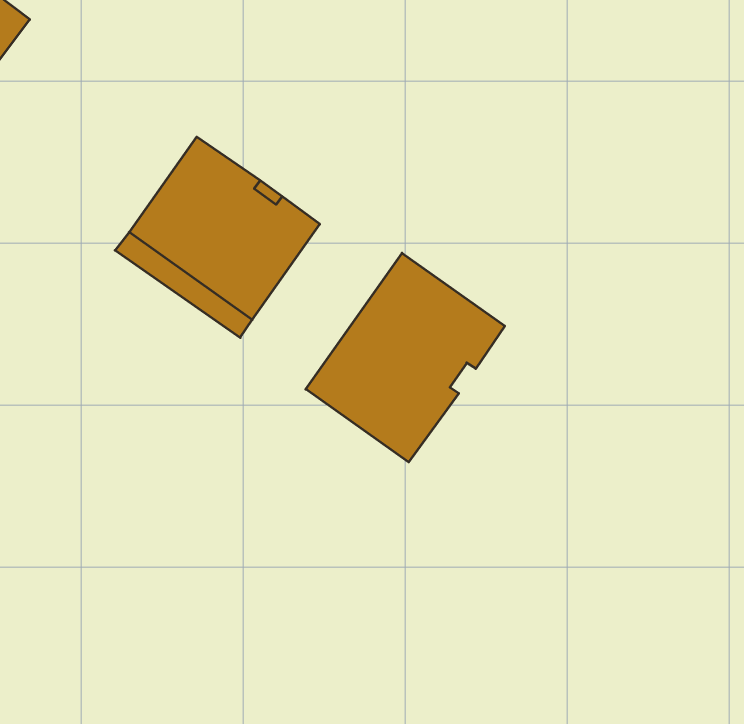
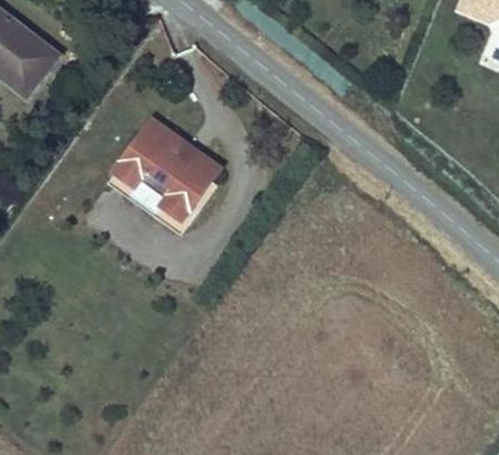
building: [306,253,505,462] -> none

